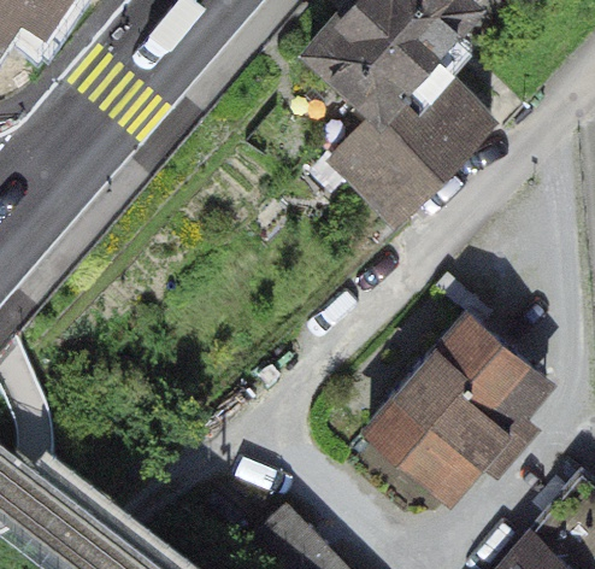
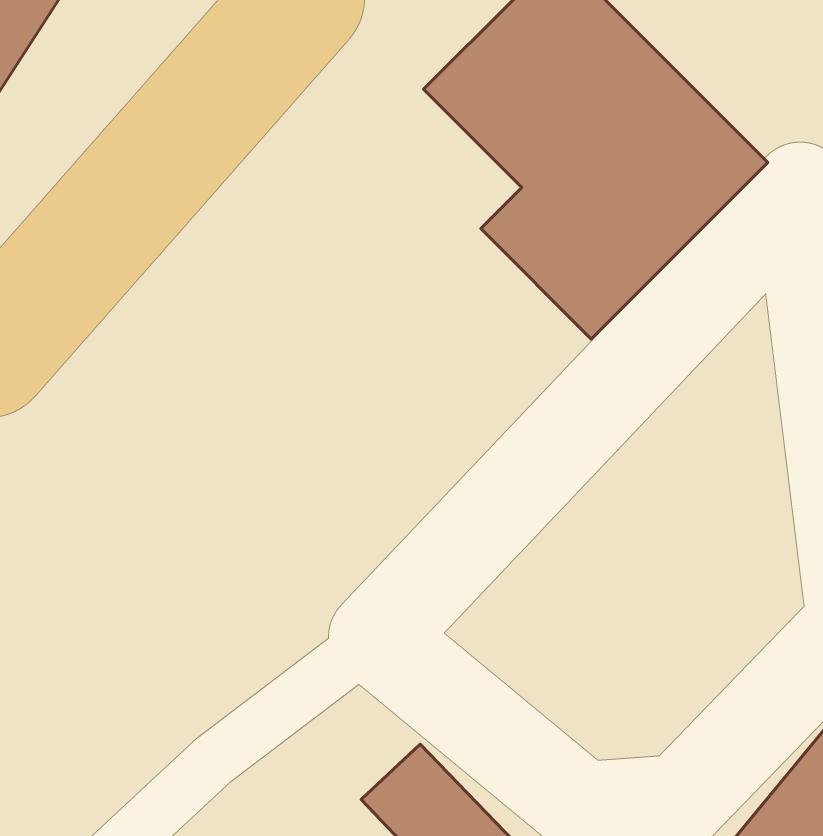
building: [347,316,554,521] -> none

